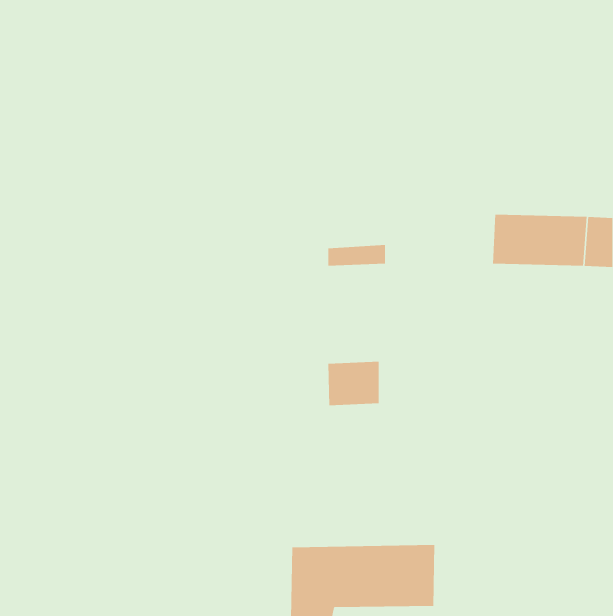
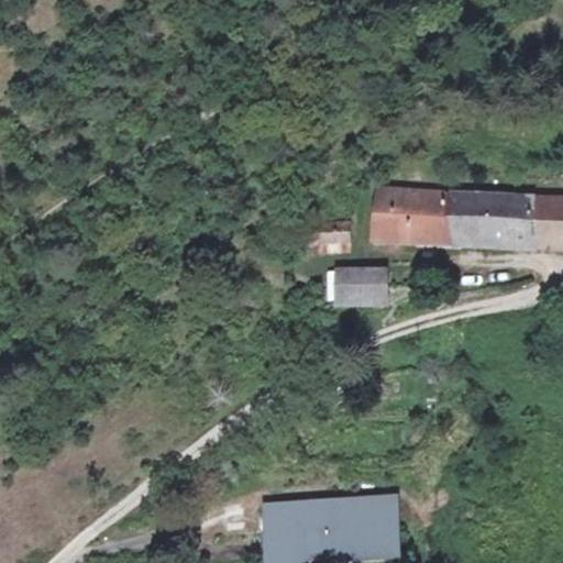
building: none -> [375,194,450,242]
building: [327,361,379,406] -> [340,269,387,310]

